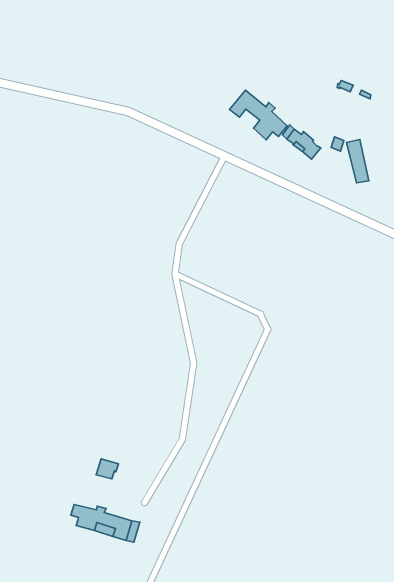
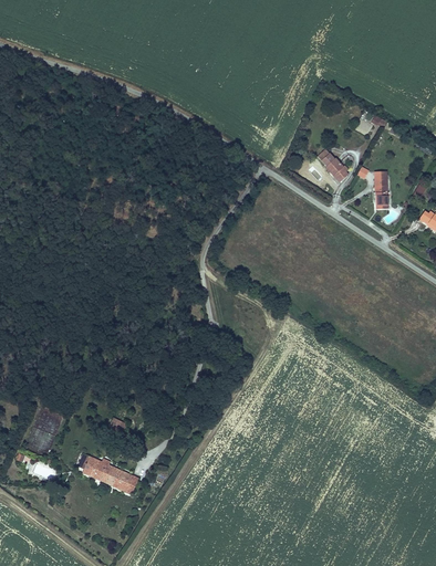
building: [230,90,287,140] -> none

